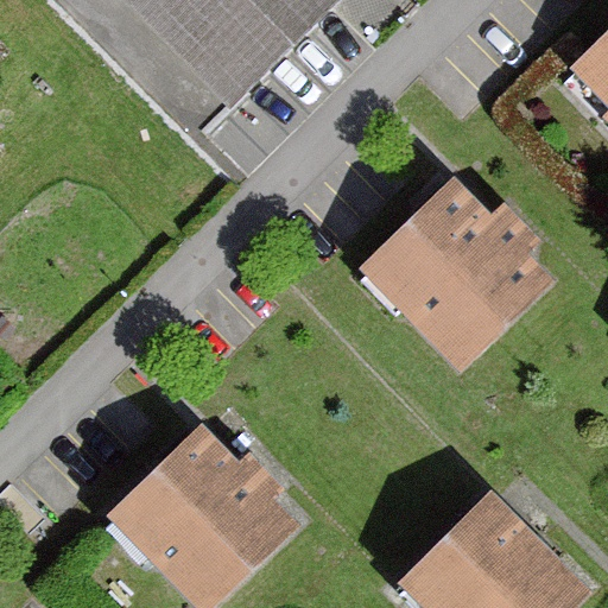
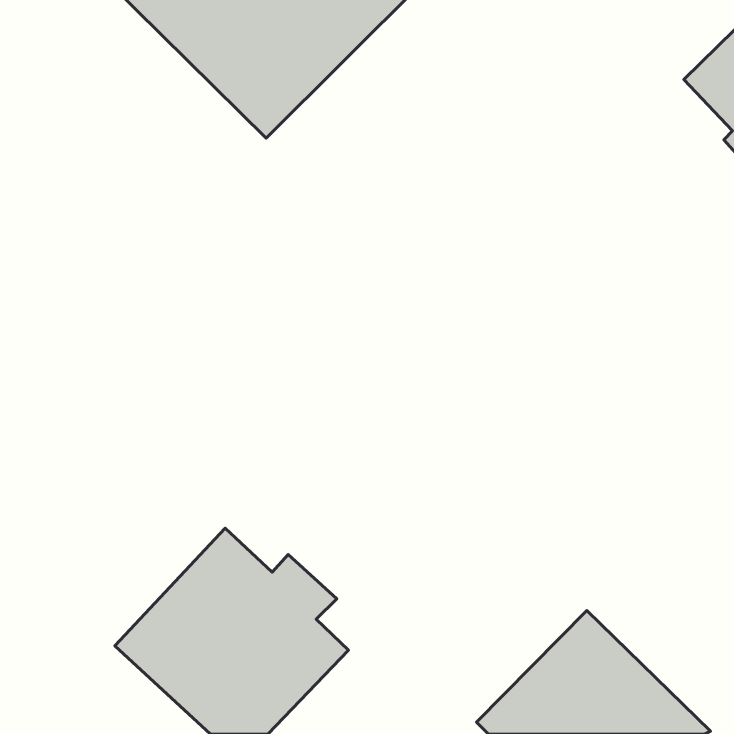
building: [361,179,550,369] -> none

